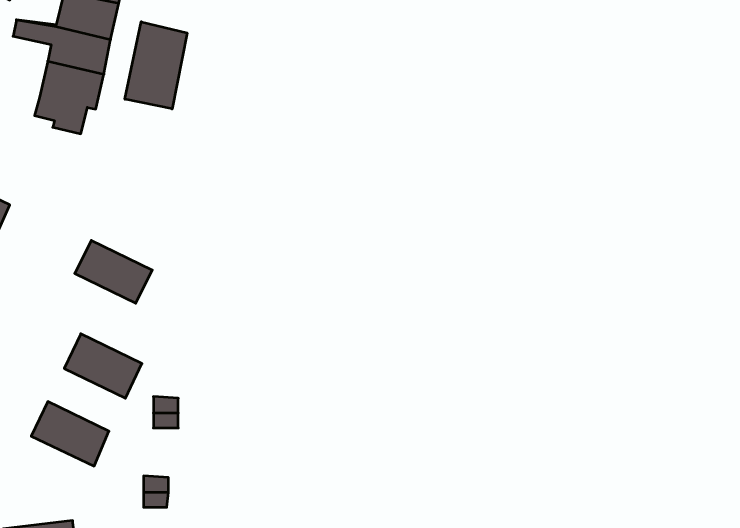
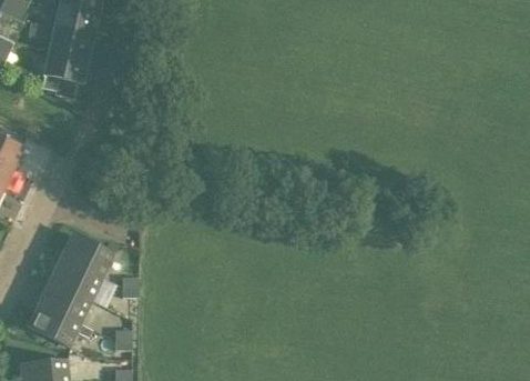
building: [125,22,187,109] -> none
building: [75,240,152,303] -> [51,257,103,299]
building: none -> [29,302,82,347]

